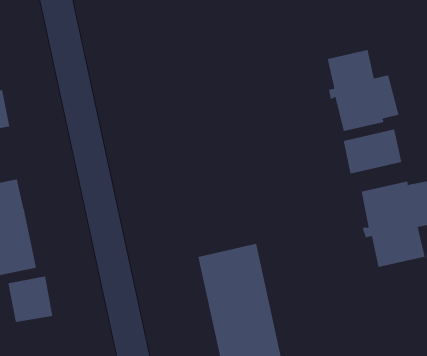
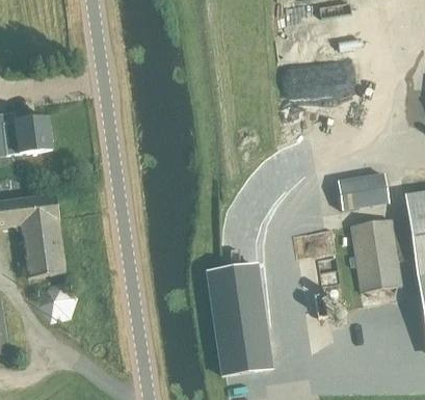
building: [327,49,399,132] -> none

